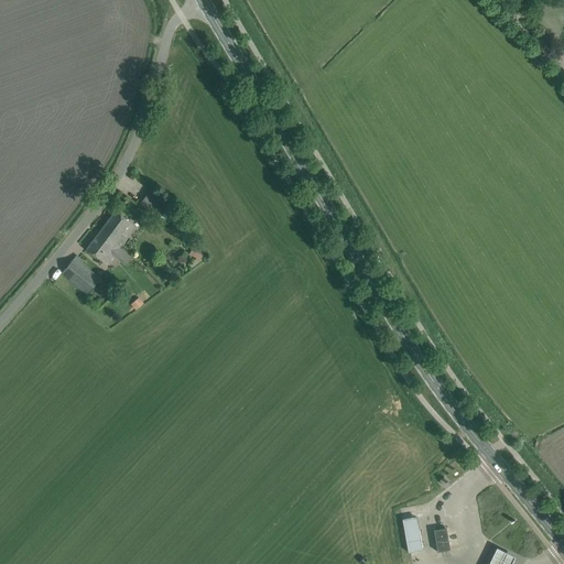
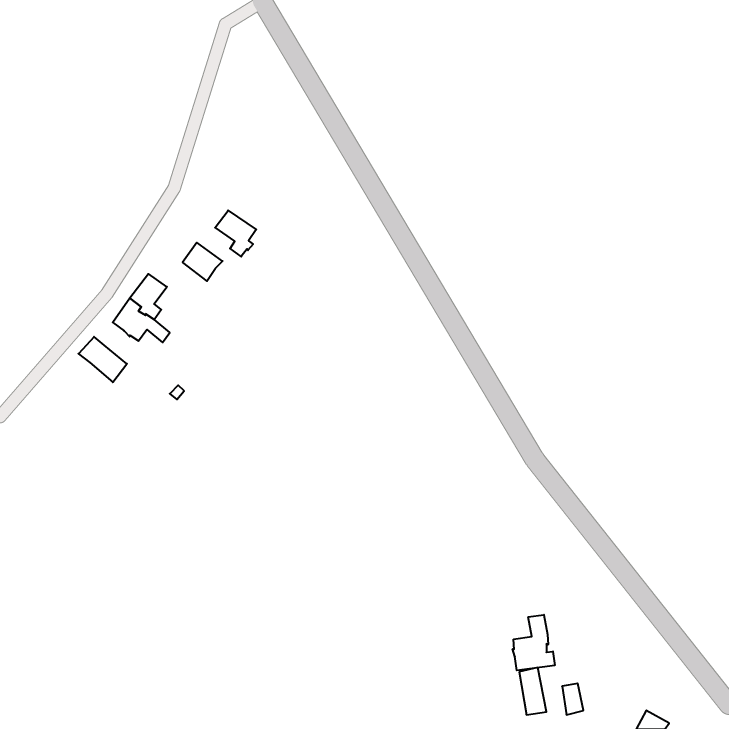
building: none -> [215,210,256,257]
building: none -> [513,615,555,670]

